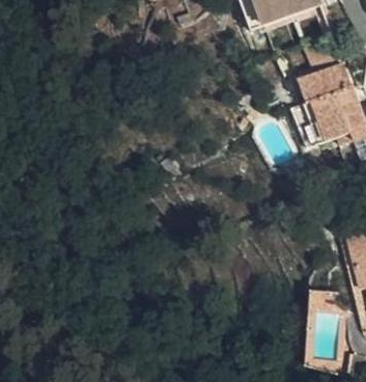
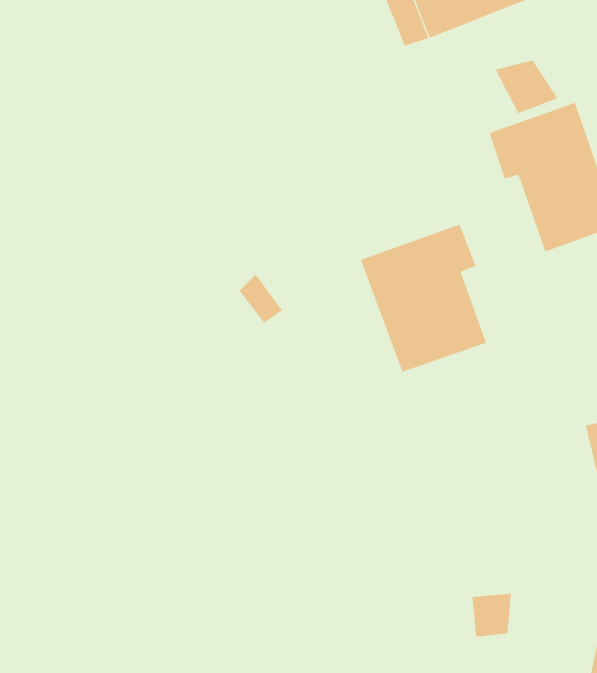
building: none -> [360,224,487,373]

